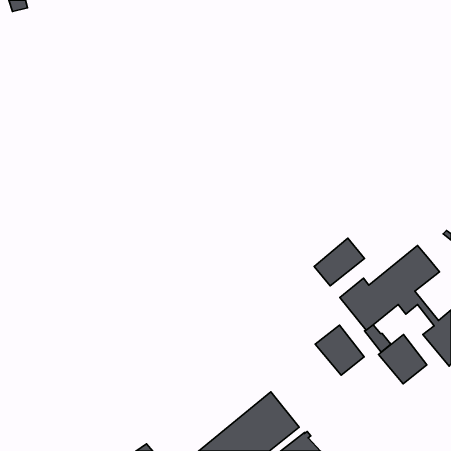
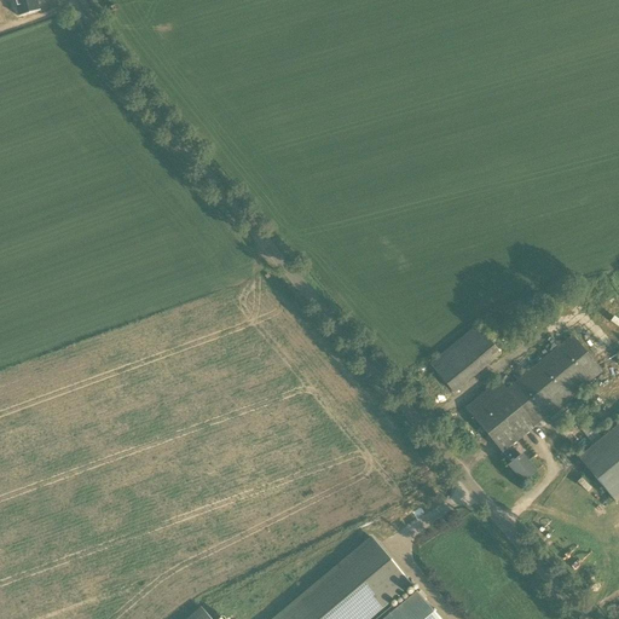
building: [315,325,364,375] -> none
building: [378,334,427,384] -> none

